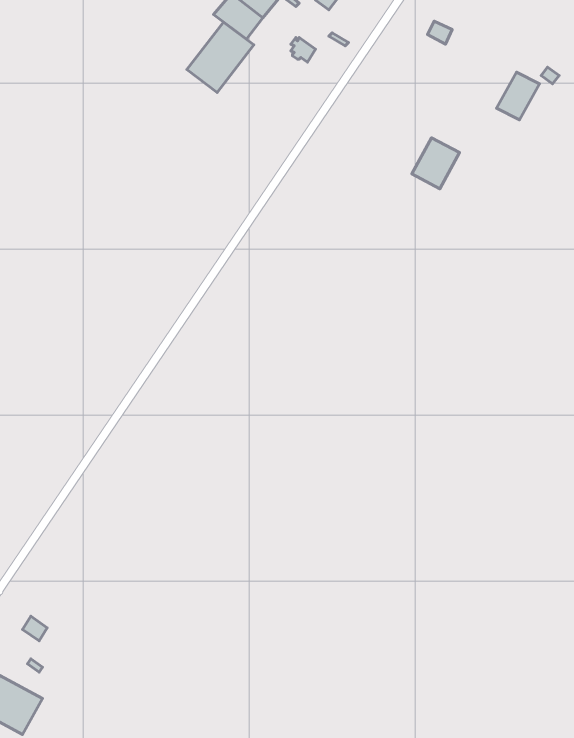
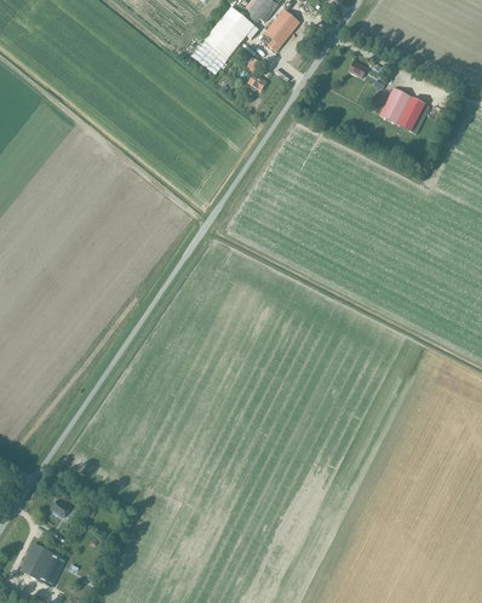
building: [187,22,254,93] -> none
building: [412,138,459,189] -> [378,87,413,125]

